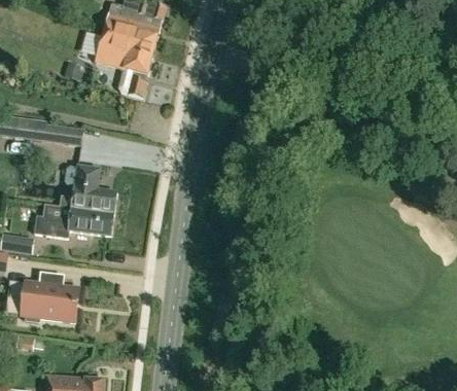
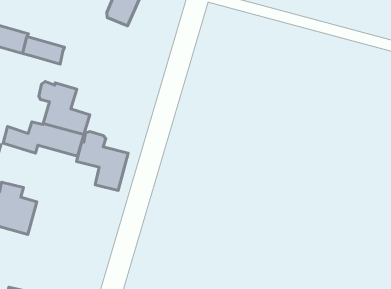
building: none -> [77,132,128,190]

